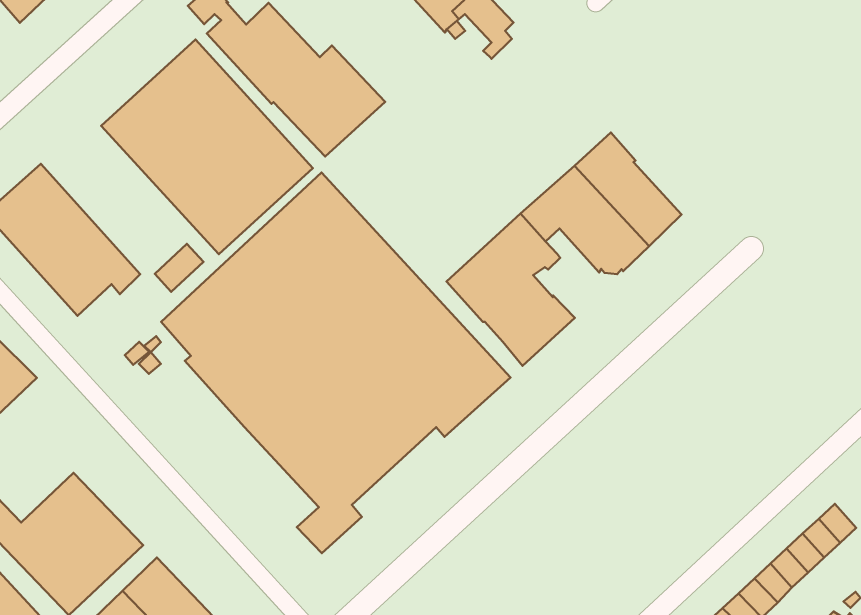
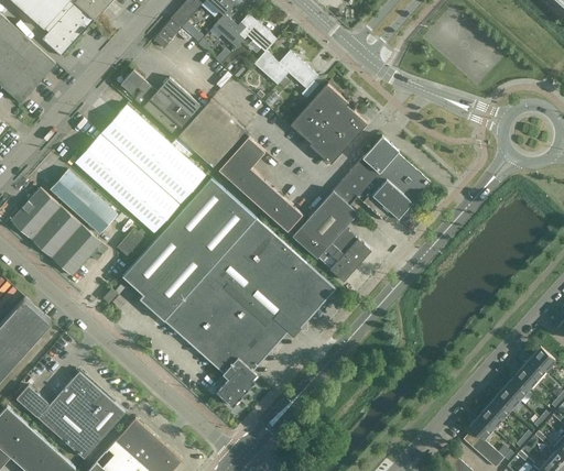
building: none -> [291,85,367,165]
building: none -> [219,136,303,232]
building: none -> [48,169,117,234]

